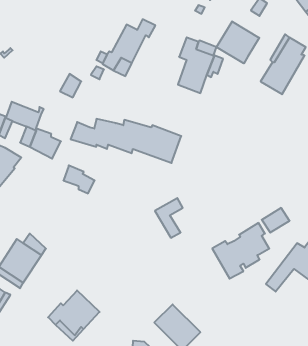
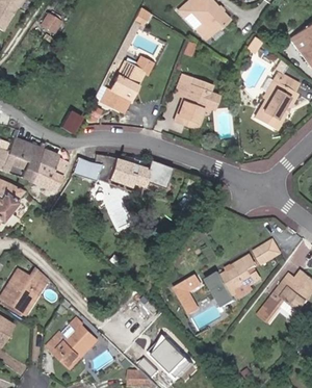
building: [217,21,259,63] -> none
building: [63,165,95,193] -> [36,148,67,175]
building: [155,198,183,238] -> [175,275,202,313]

